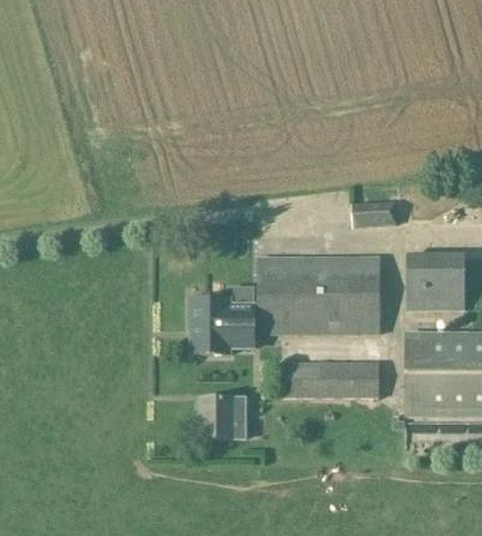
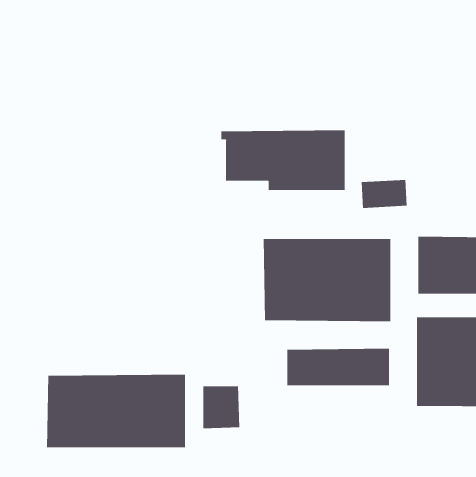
building: none -> [221,130,345,191]
building: [189,299,253,353] -> none
building: none -> [47,374,186,448]

